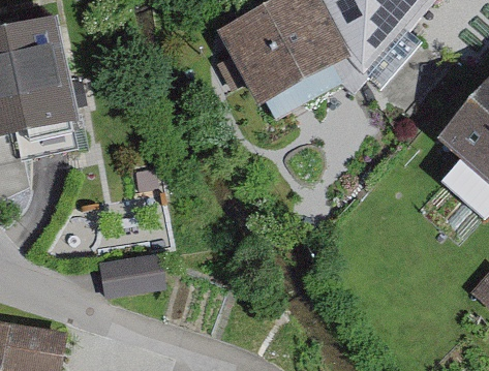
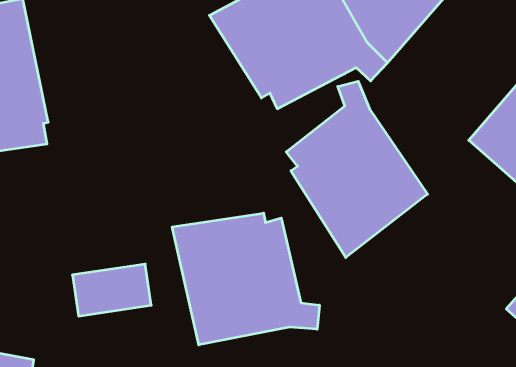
building: none -> [286,81,428,258]
building: none -> [172,213,319,345]

